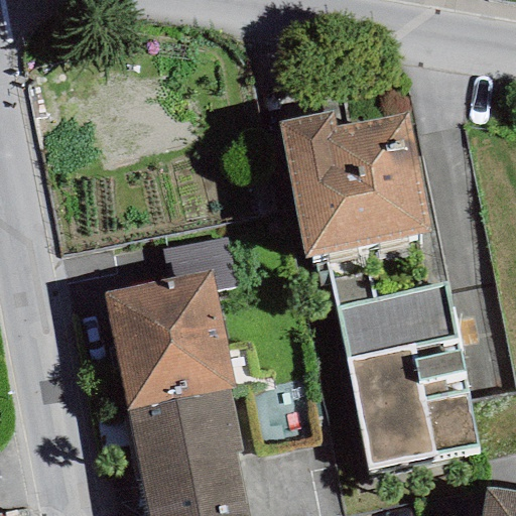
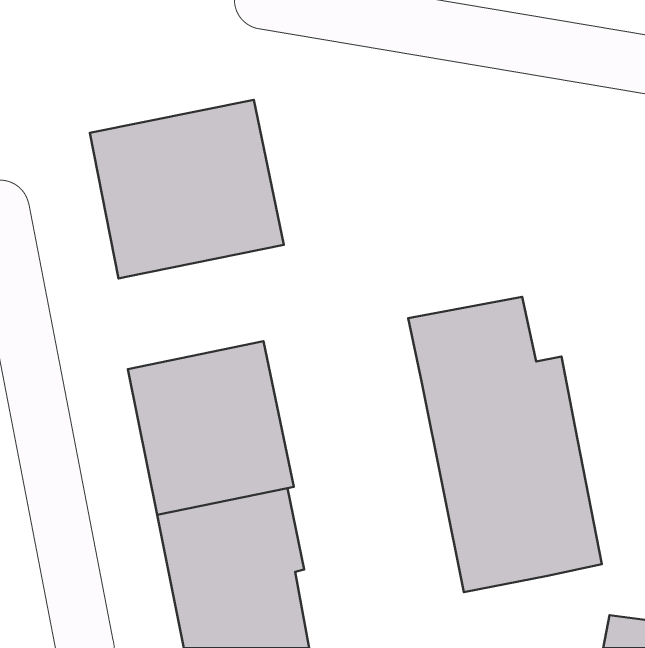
building: none -> [90,100,284,278]
building: [277,111,430,257] -> none

